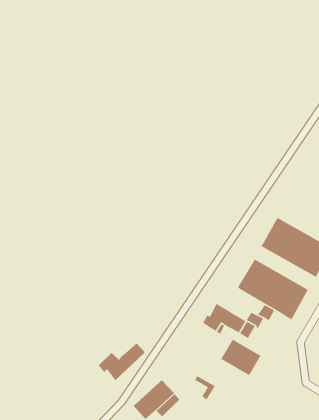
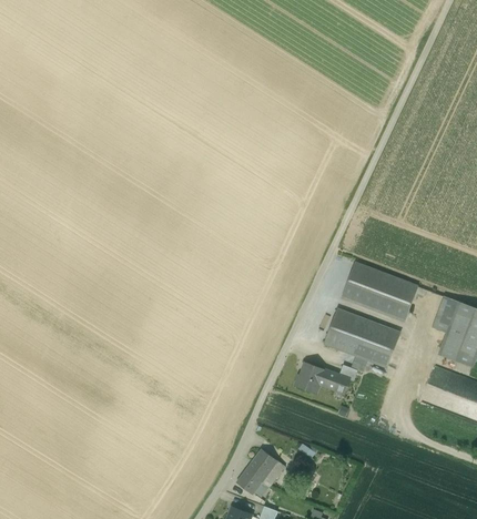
building: [220,339,262,376] -> none
building: [98,342,146,381] -> none

